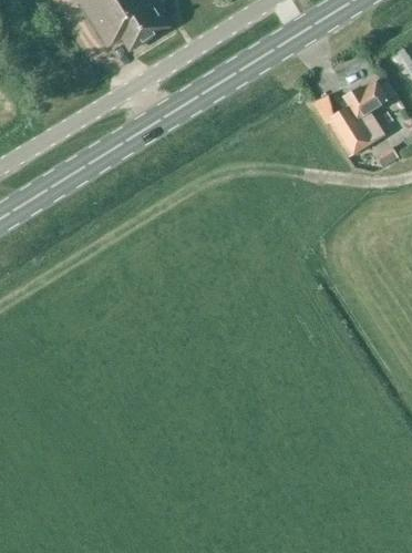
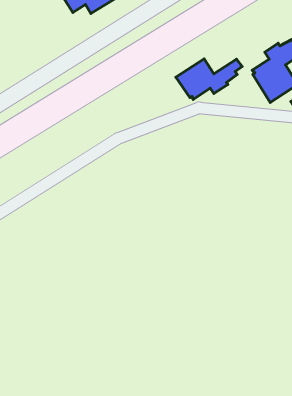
building: none -> [176,59,242,99]

